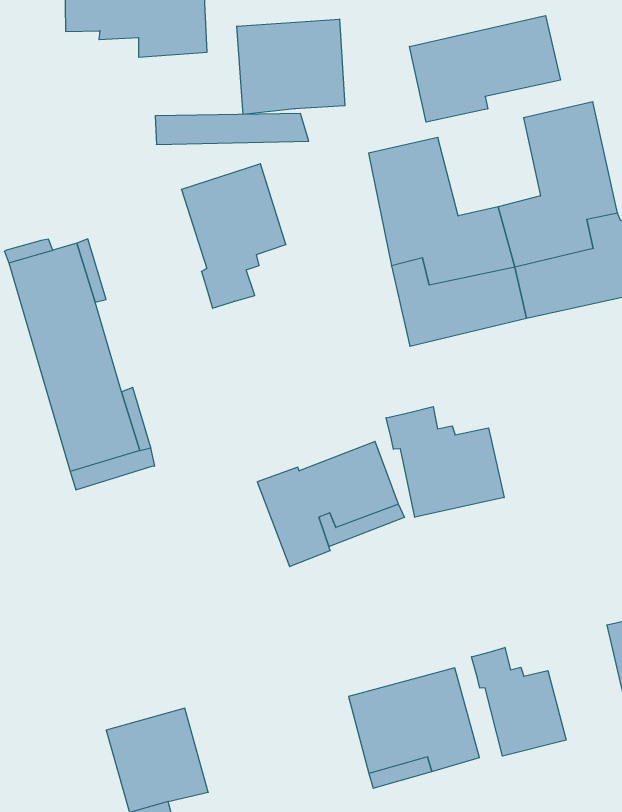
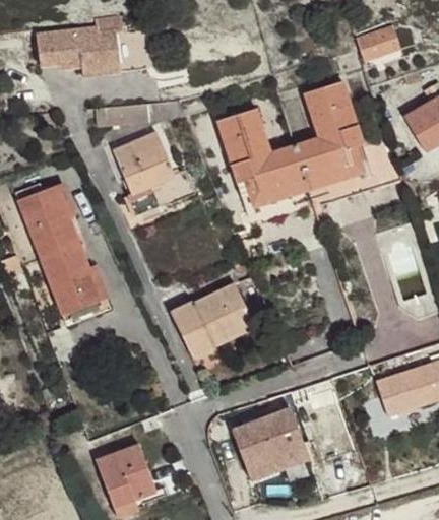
building: [410,16,560,122] -> none
building: [237,19,345,114] -> none
building: [386,407,504,517] -> none
building: [471,647,566,756] -> none

